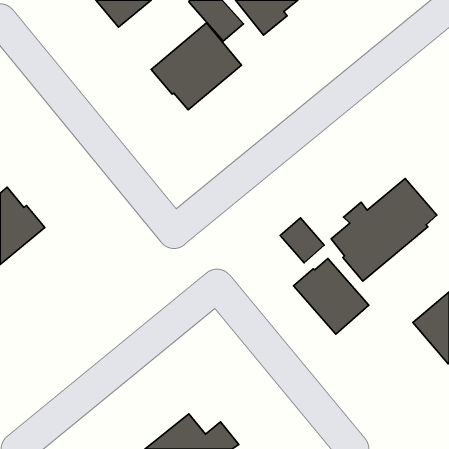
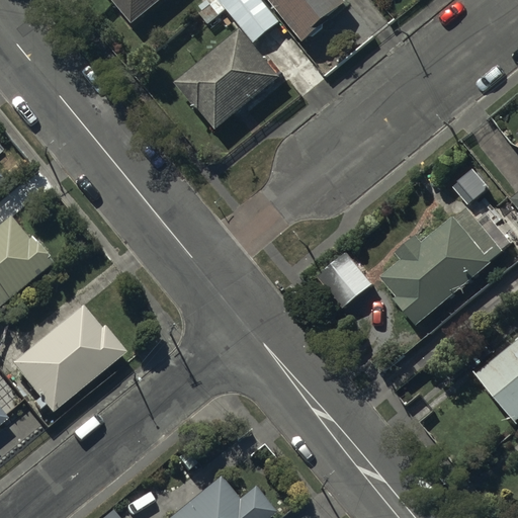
building: [294,258,369,334] -> none
building: none -> [10,305,124,412]

